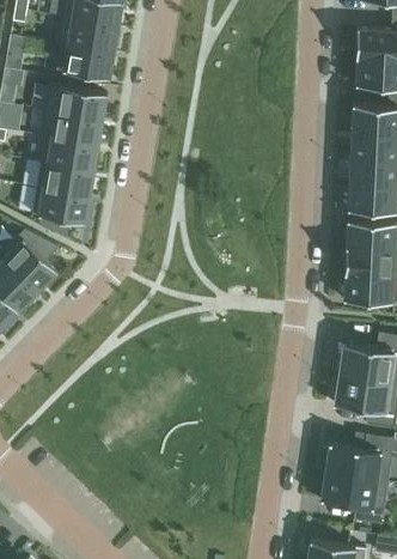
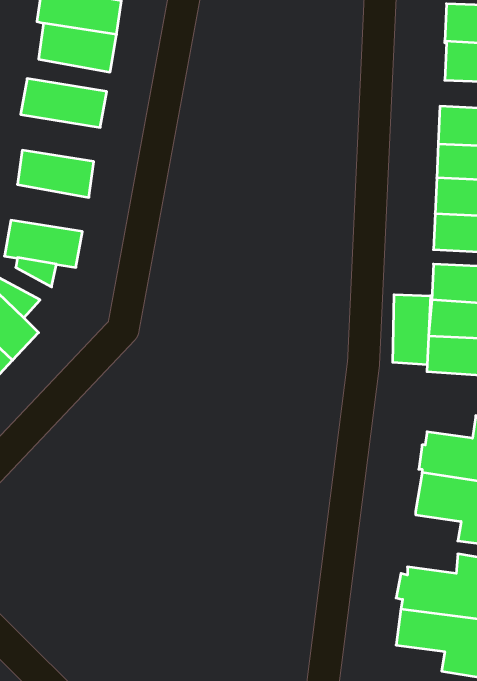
building: [38,111,102,146] -> none
building: [36,163,93,198] -> none
building: none -> [393,295,430,365]

